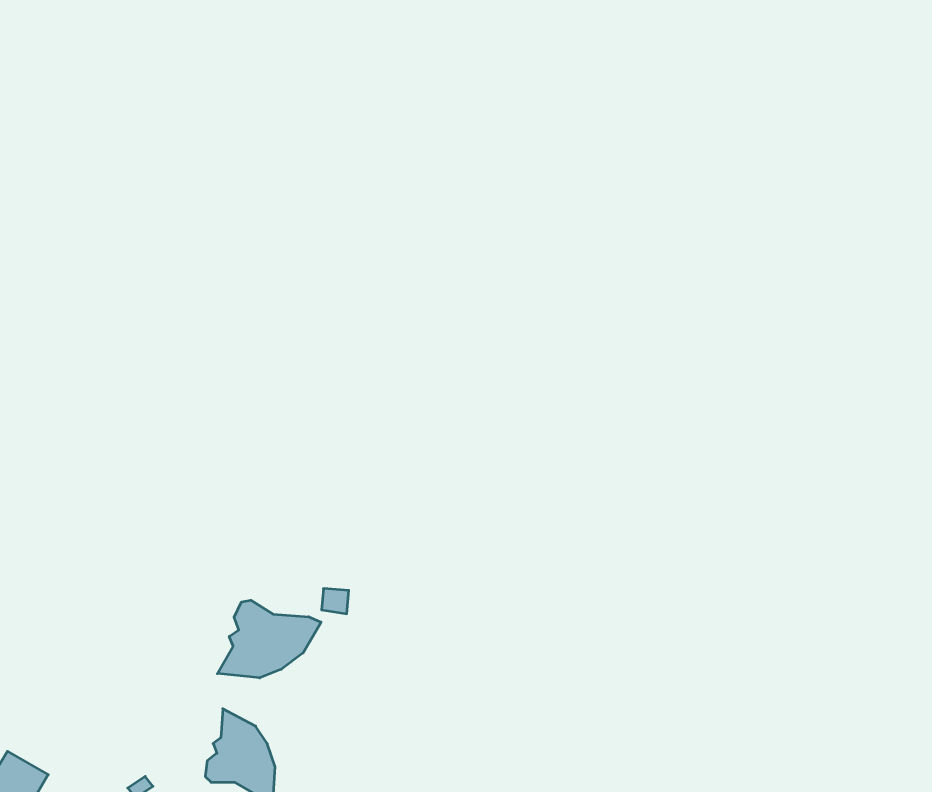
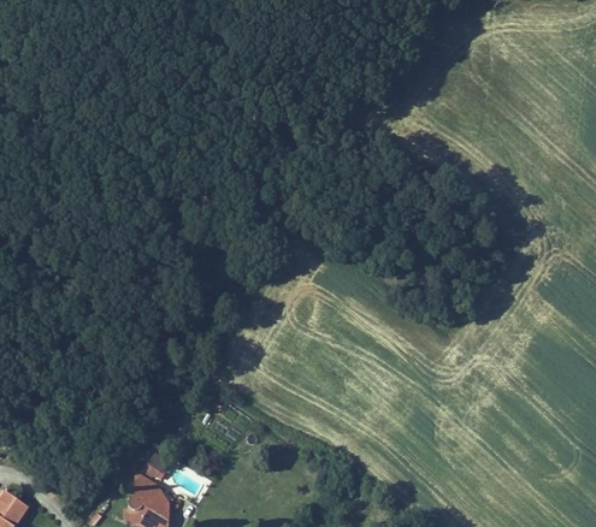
building: [217,600,321,678] -> none

